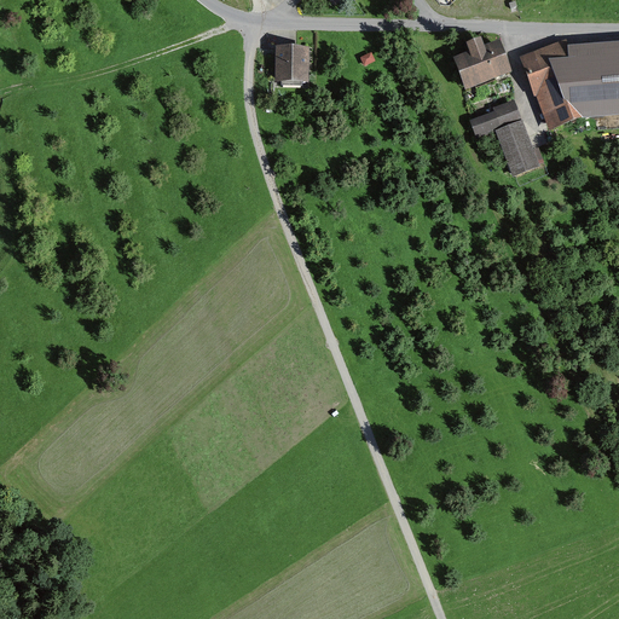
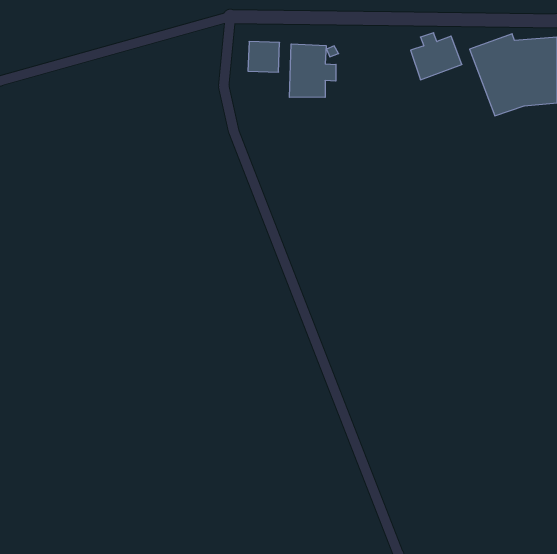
building: none -> [289,44,336,97]
building: [472,97,539,174] -> none

